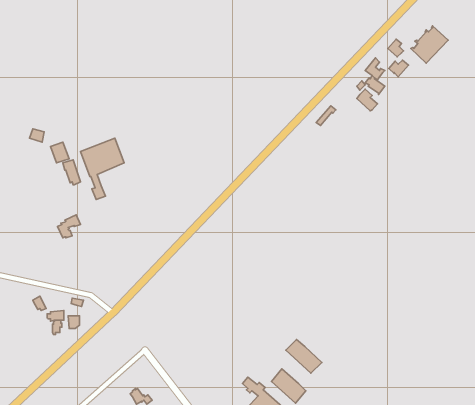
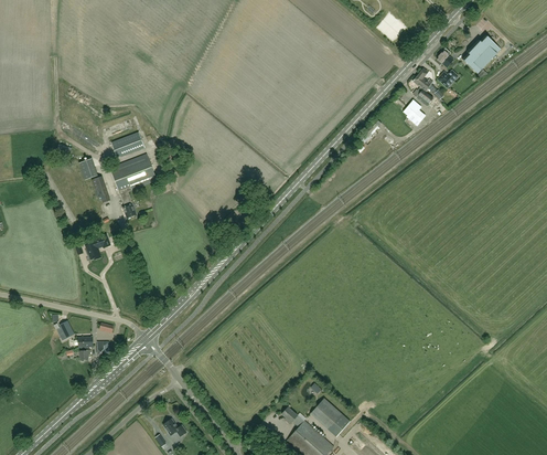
building: none -> [110,133,143,157]
building: [286,340,322,373] -> none

